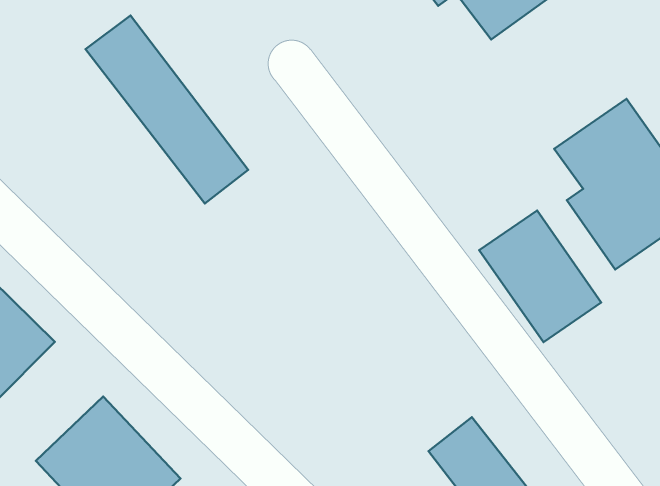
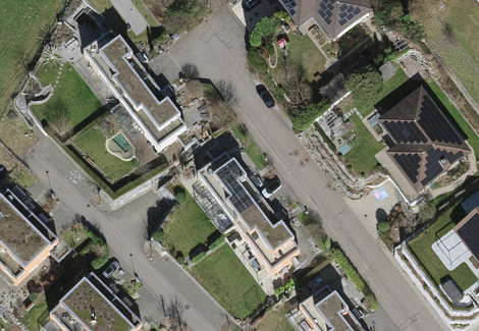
building: [479,211,601,342] -> none
building: none -> [196,154,297,270]

